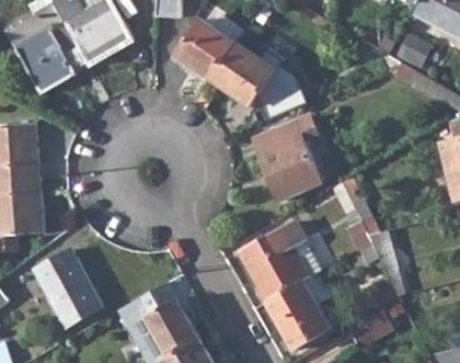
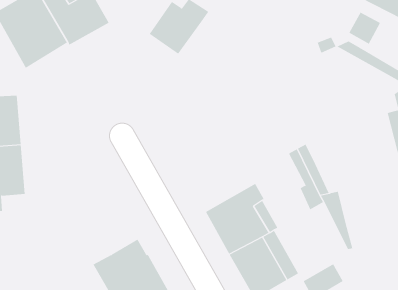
building: [210,42,304,118] -> none
building: [253,120,322,202] -> none
building: [34,250,102,327] -> none

